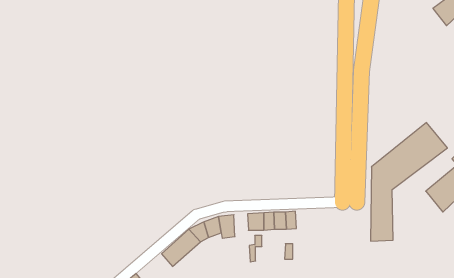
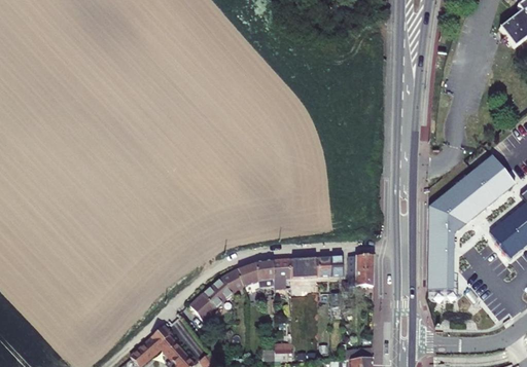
building: none -> [356,253,375,285]
building: none -> [274,258,290,286]

